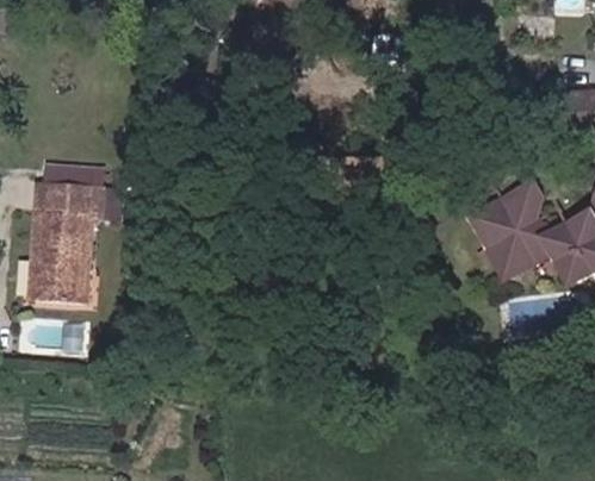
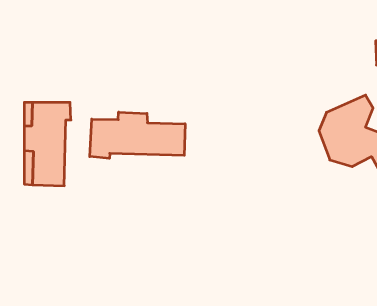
building: none -> [90,112,185,158]

